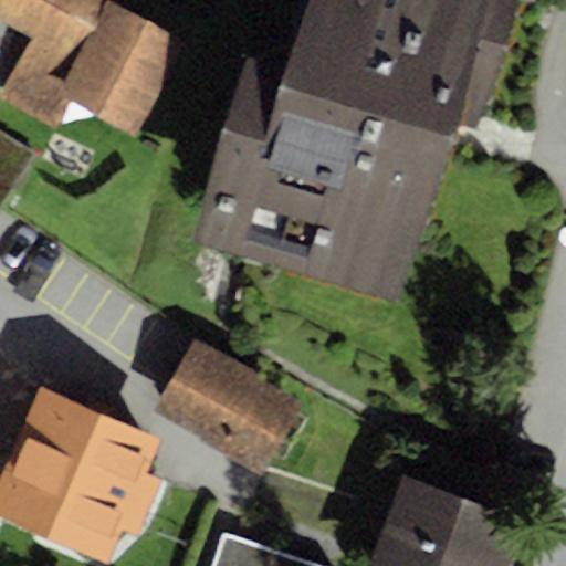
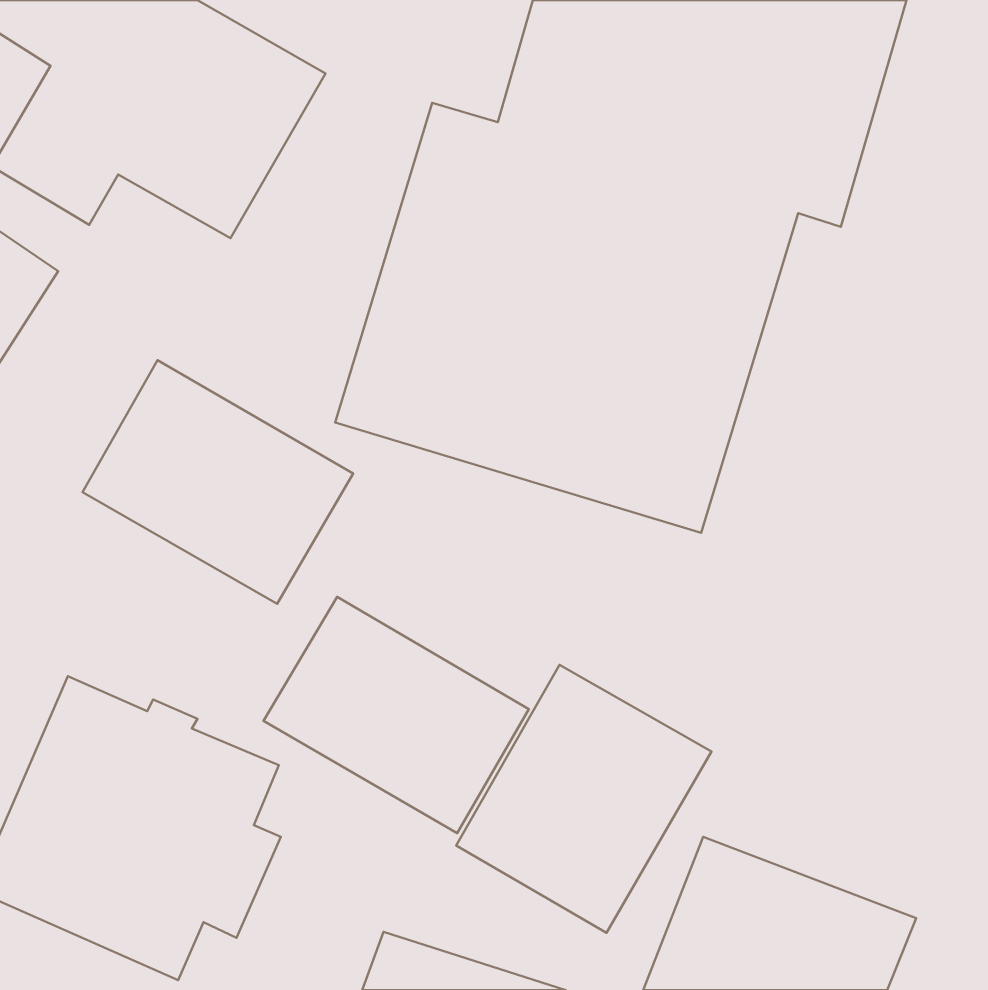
building: none -> [82,360,353,604]
building: none -> [456,665,712,933]

